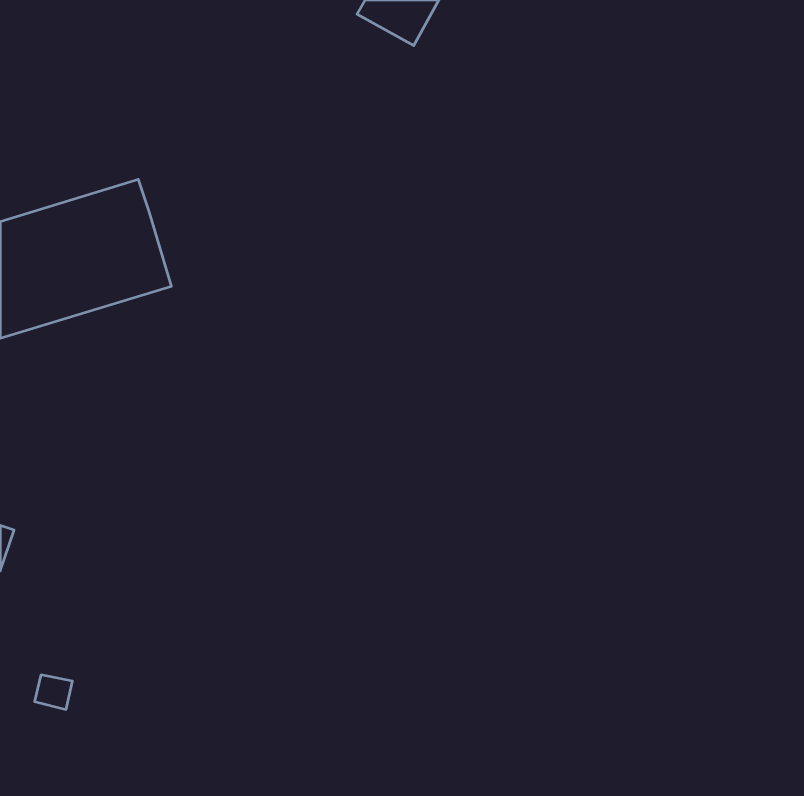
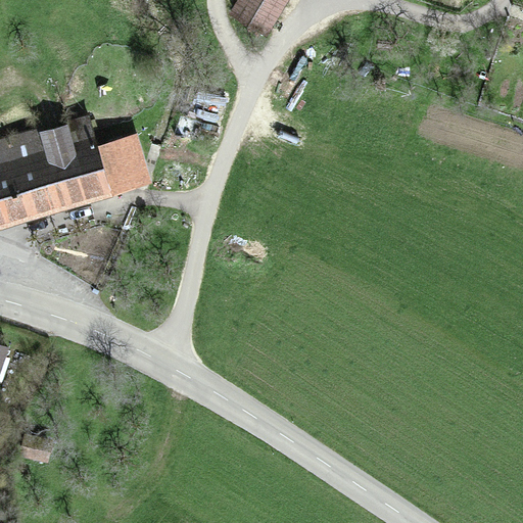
building: none -> [97,134,142,191]

